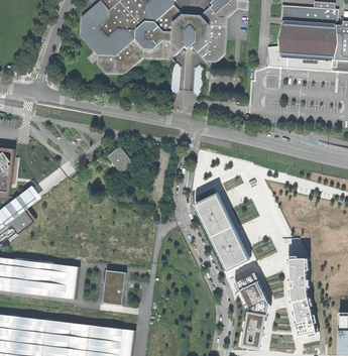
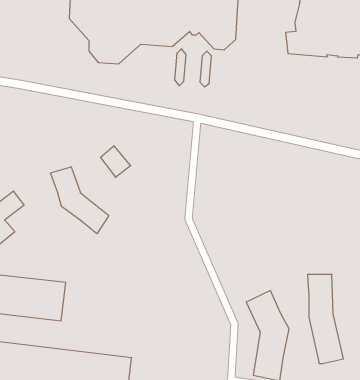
building: none -> [51,167,109,234]
building: [194,192,249,270] -> none
building: [102,269,125,304] -> none

